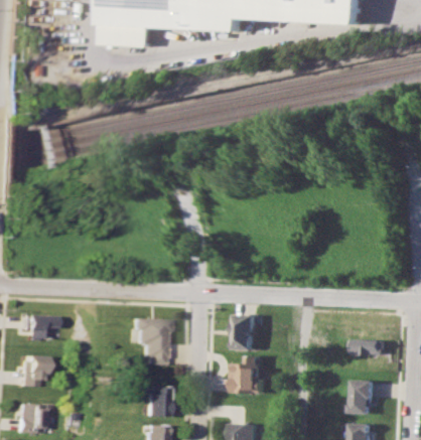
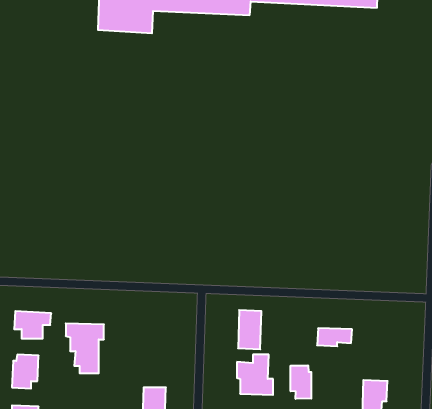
building: [130,316,166,363] -> [66,323,104,373]
building: [352,338,385,355] -> [317,328,352,346]
building: none -> [291,365,311,399]

